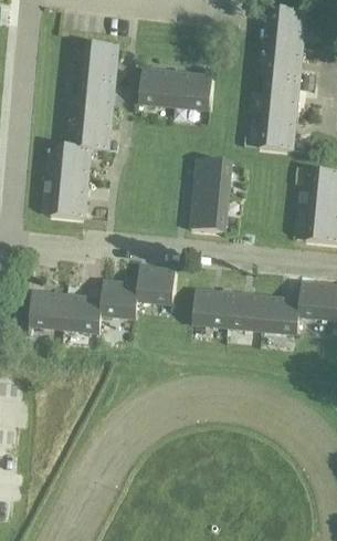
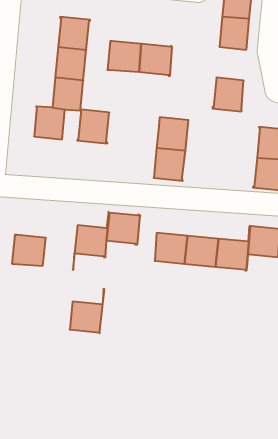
building: [262,76,296,115] -> none
building: [49,179,85,218] -> [77,110,109,143]
building: [63,281,103,332] -> [70,289,104,333]

